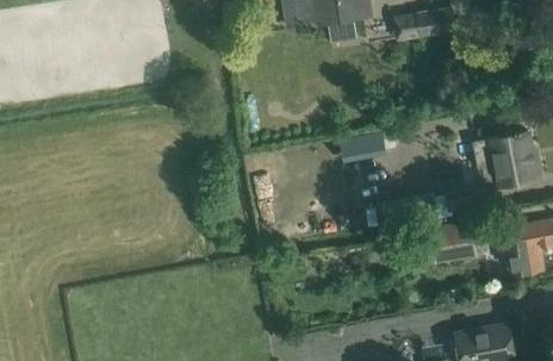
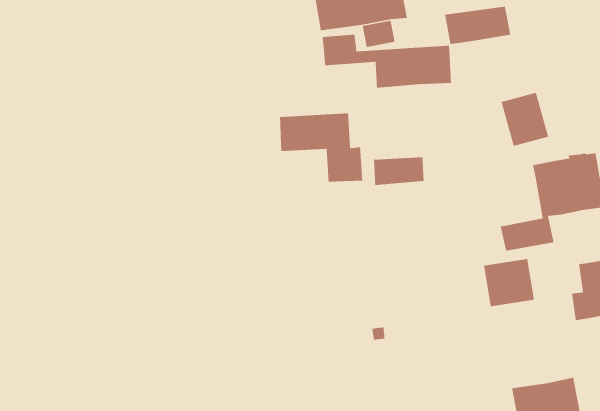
building: none -> [322,34,452,89]
building: none -> [500,92,549,147]
building: none -> [279,113,363,183]

